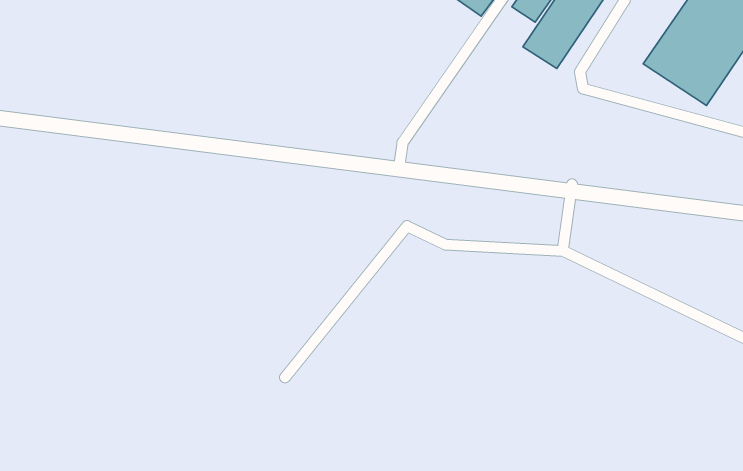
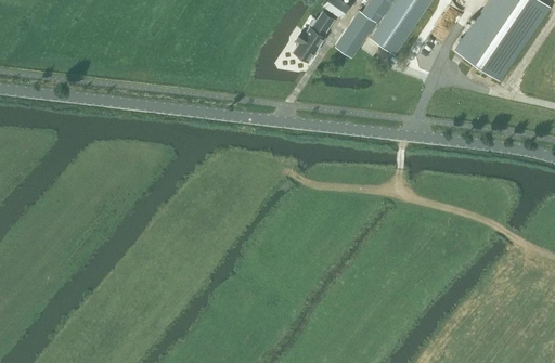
building: none -> [334,12,374,57]
building: none -> [294,13,333,61]

